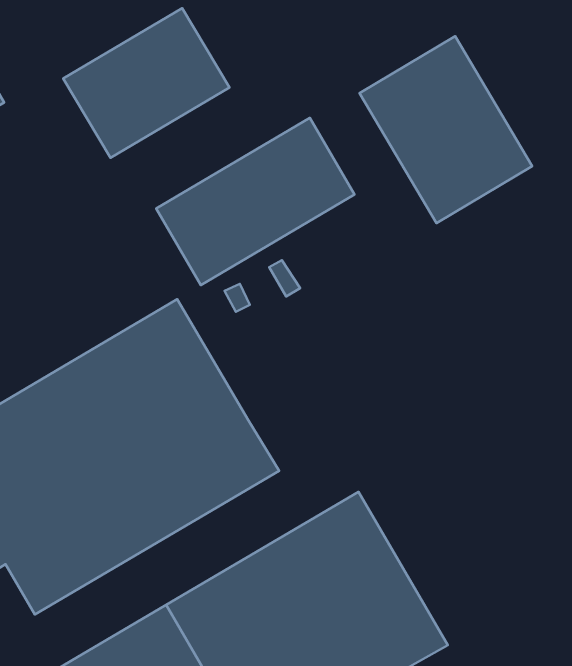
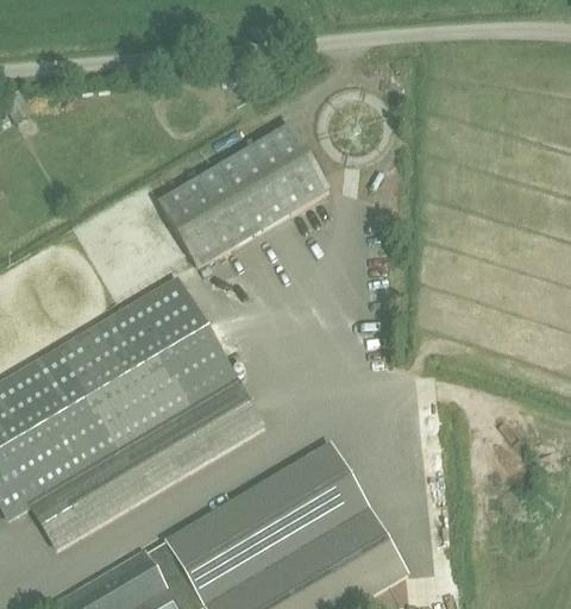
building: [63,8,229,158] -> none
building: [360,36,532,223] -> none

